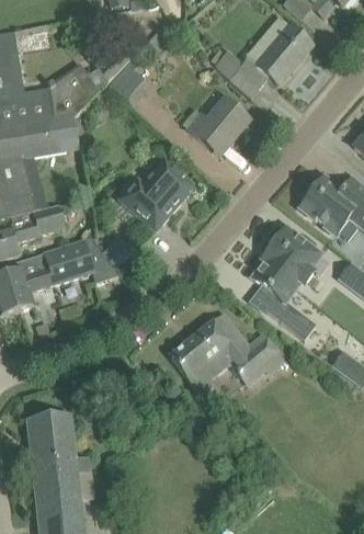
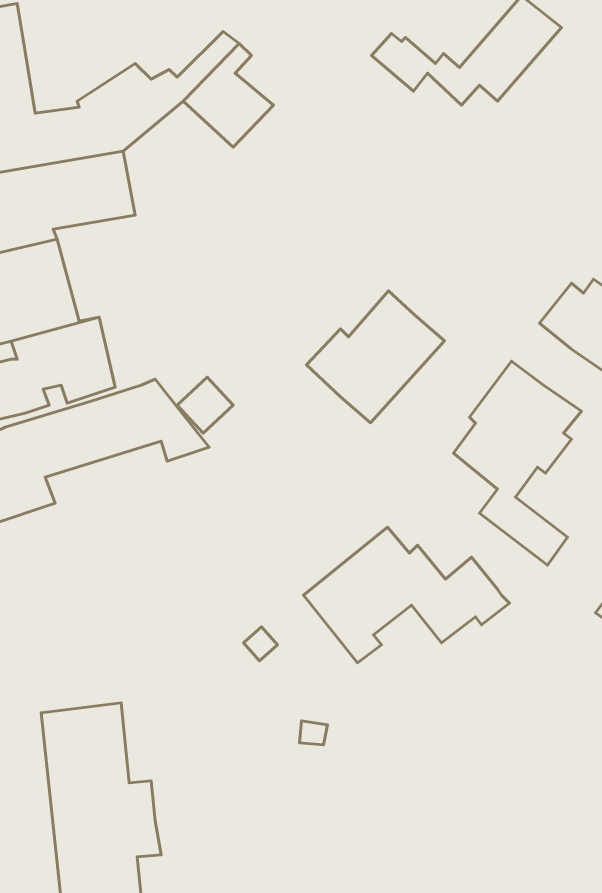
building: [184,99,248,147] -> none
building: [118,158,194,230] -> [306,291,444,423]

